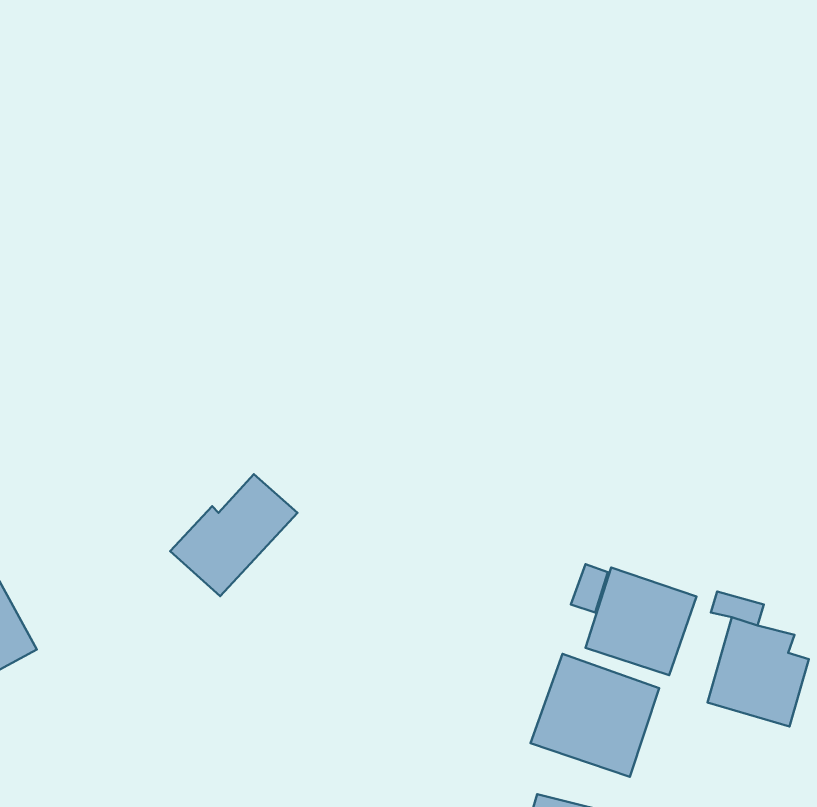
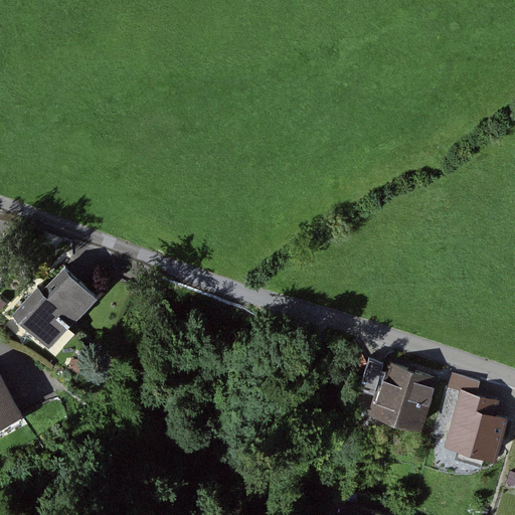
building: [170,474,297,596] -> [15,275,95,351]
building: [530,654,659,777] -> none

